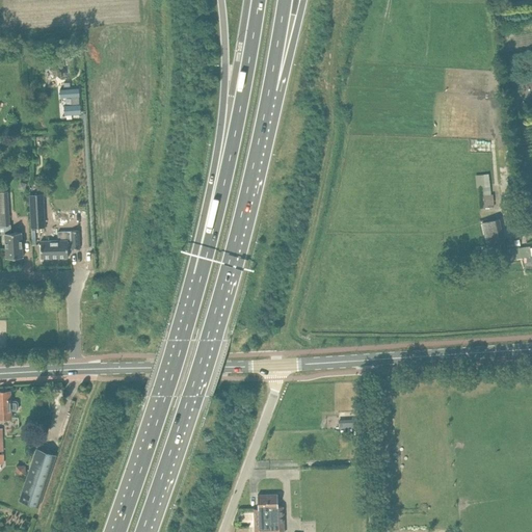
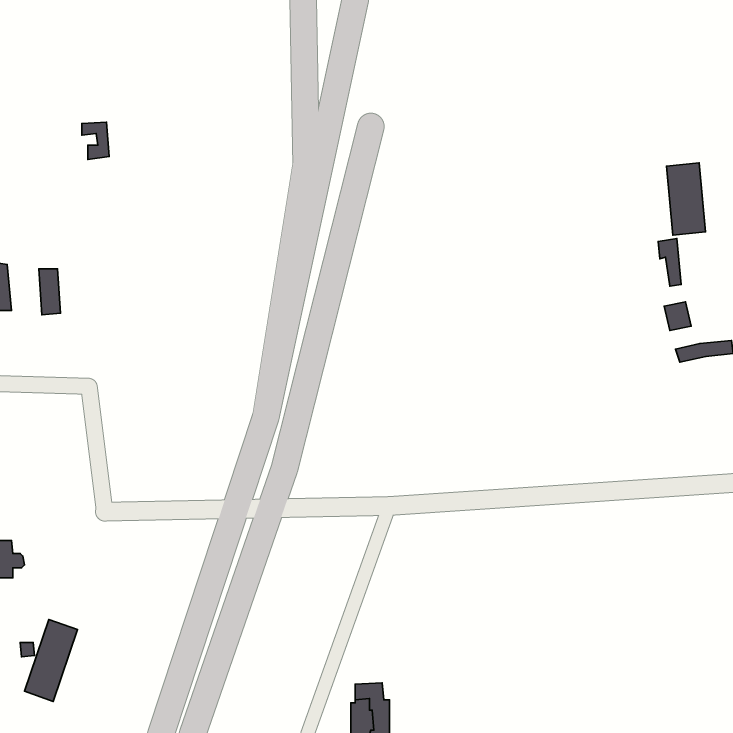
building: none -> [666,163,706,235]
building: [39,231,79,259] -> none
building: [4,233,22,259] -> none

